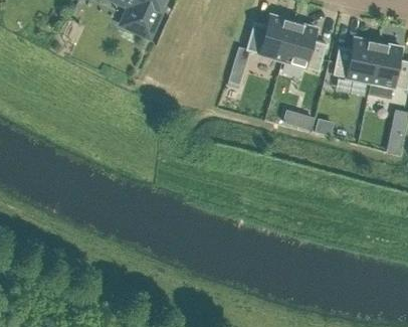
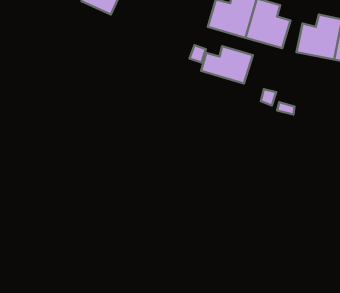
building: none -> [201,46,253,83]

